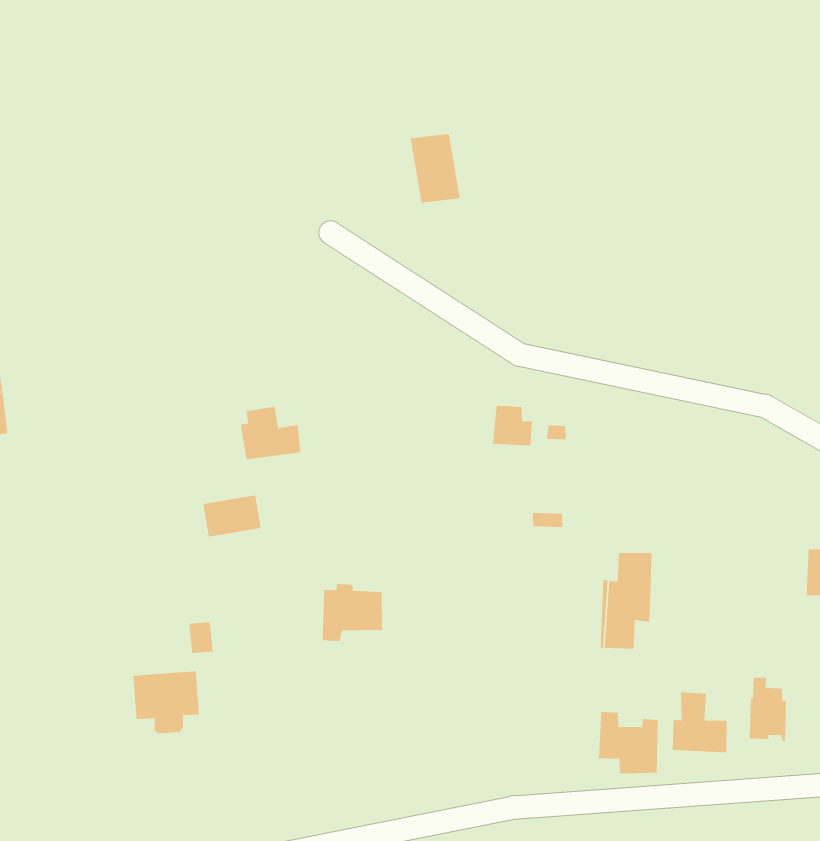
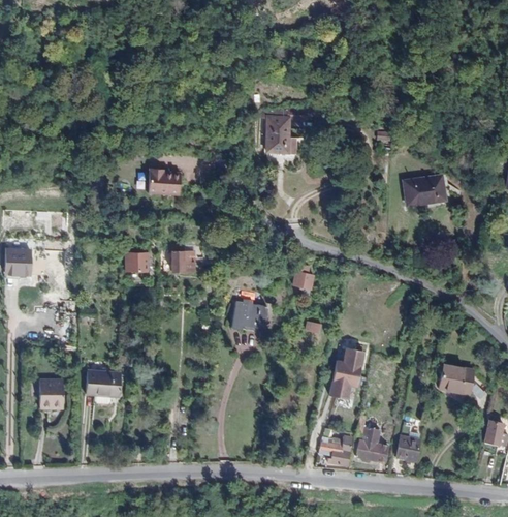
building: none -> [404,176,445,204]
building: none -> [149,168,180,192]
building: [203,495,261,537] -> [127,252,155,270]
building: [322,583,383,641] -> [231,299,266,329]
building: none -> [39,381,63,408]

